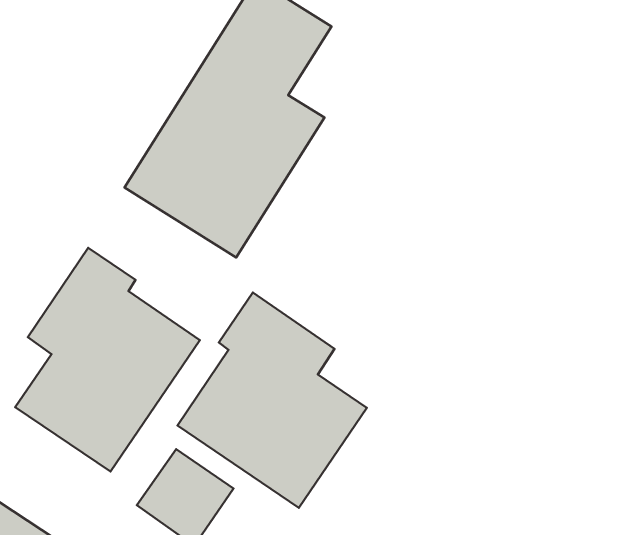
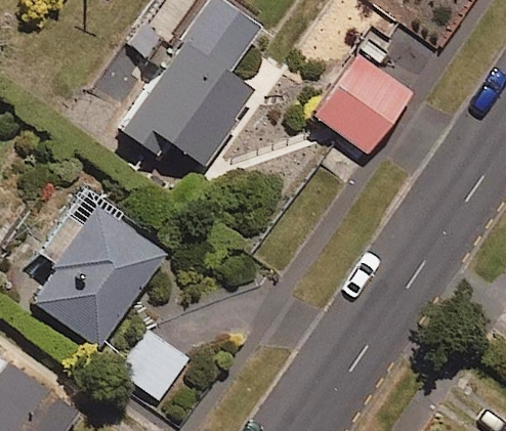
building: none -> [311,50,412,153]
building: [178,293,367,508] -> none

